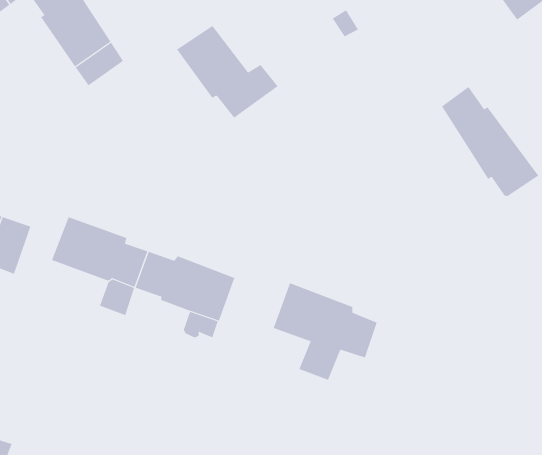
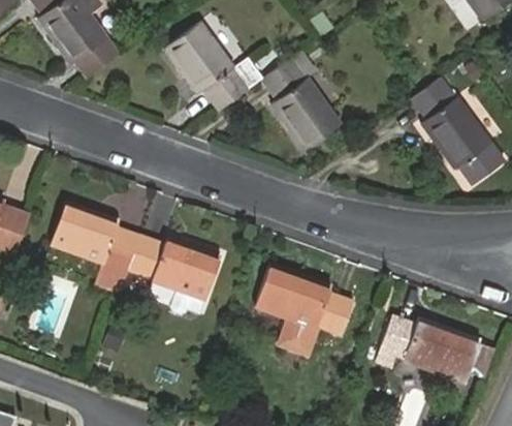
building: none -> [263,60,341,151]
building: none -> [376,316,481,384]

